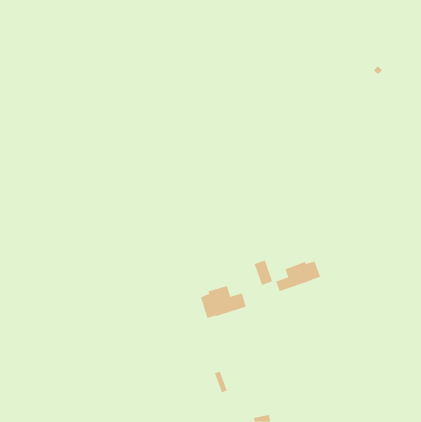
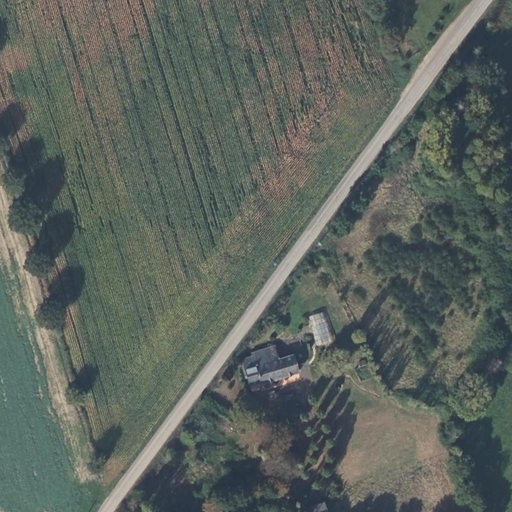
building: [276,261,321,292] -> none

